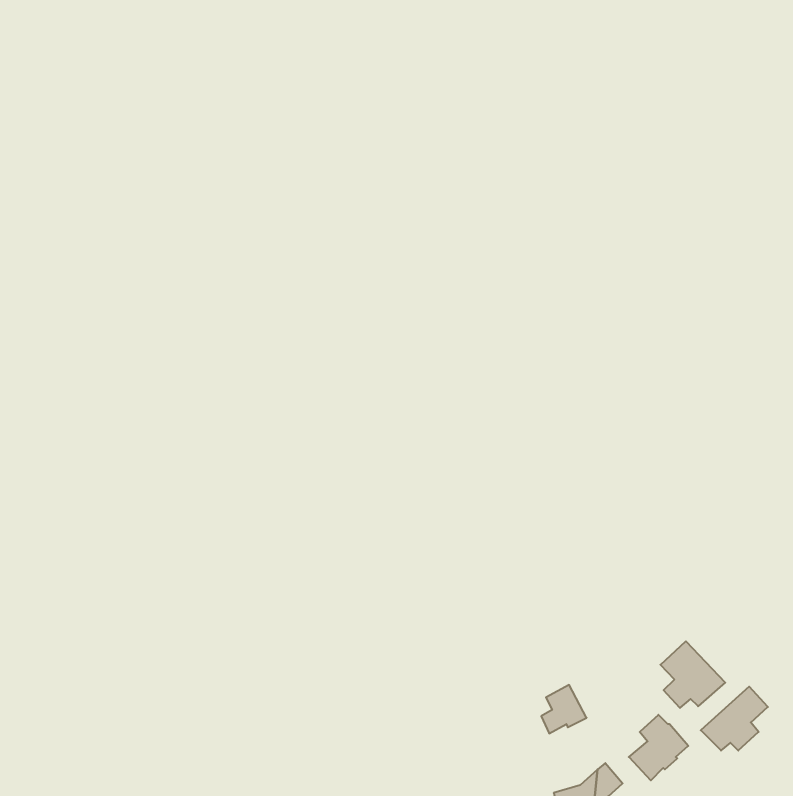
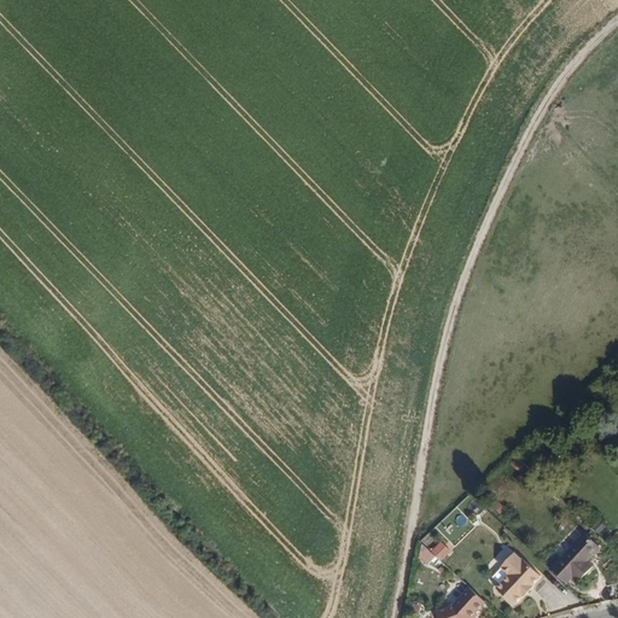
building: [660,641,725,708] -> none

